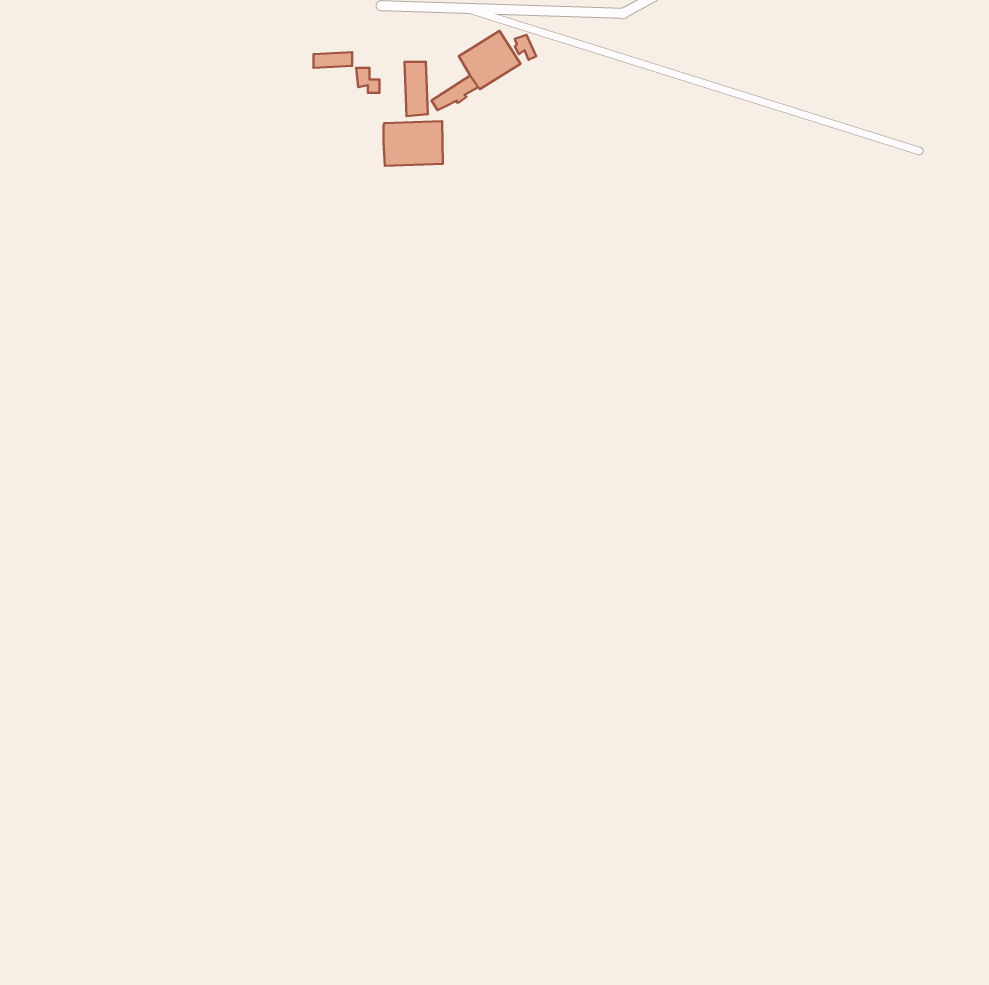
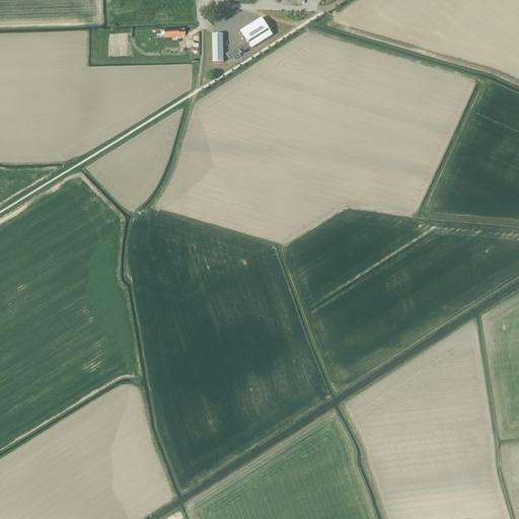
building: [383,121,443,166] -> none

